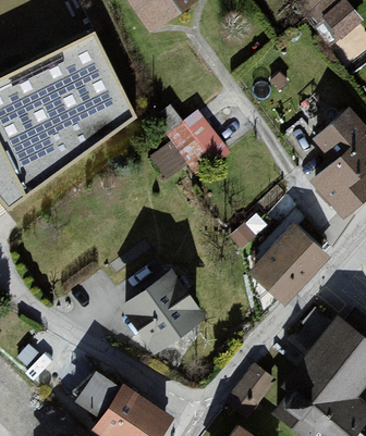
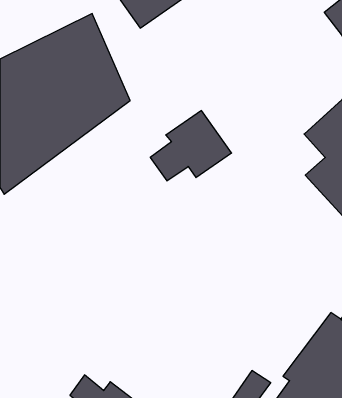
building: [251,227,330,308] -> none
building: [117,270,202,352] -> none

